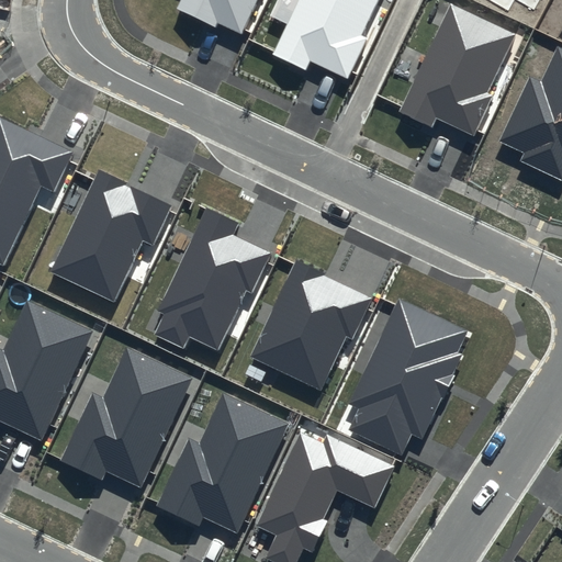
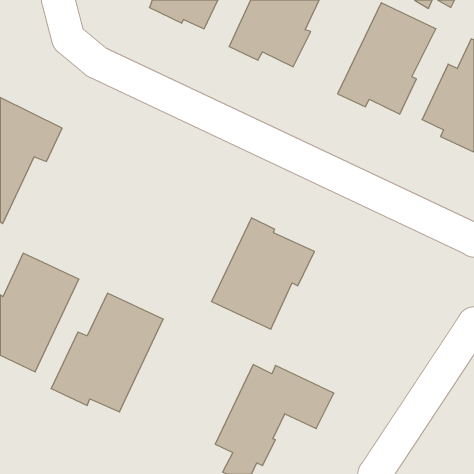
building: [50,170,172,301] -> none
building: [155,207,272,350] -> none
building: [347,296,468,457] -> none
building: [157,392,290,533] -> none

